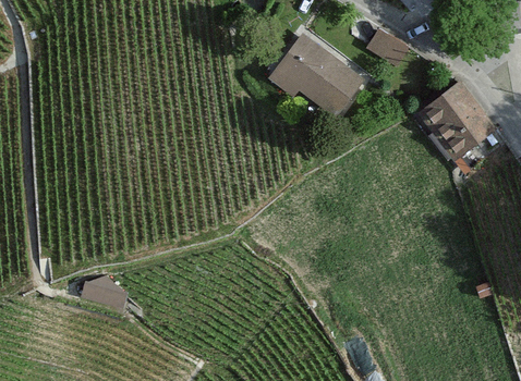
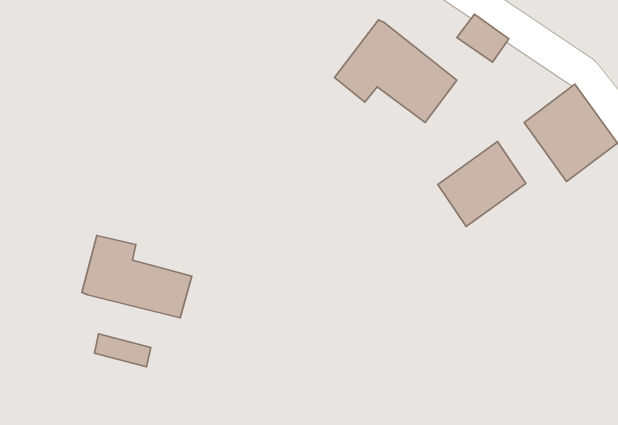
building: none -> [438,141,526,226]
building: none -> [82,235,192,318]

